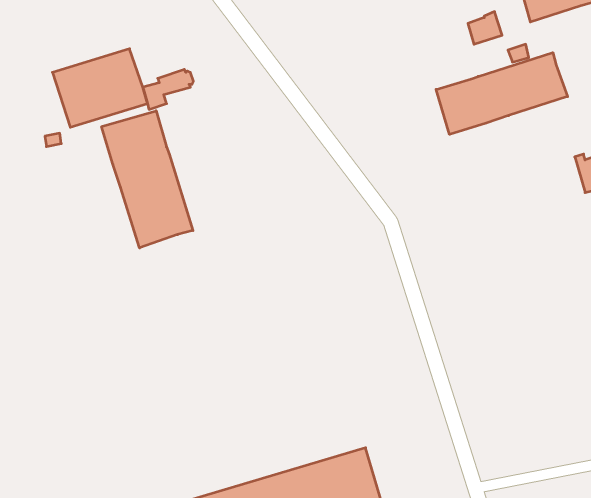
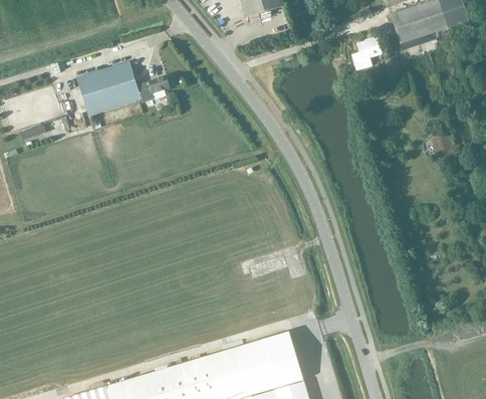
building: [436,53,568,134] -> none
building: [102,111,193,248] -> none

